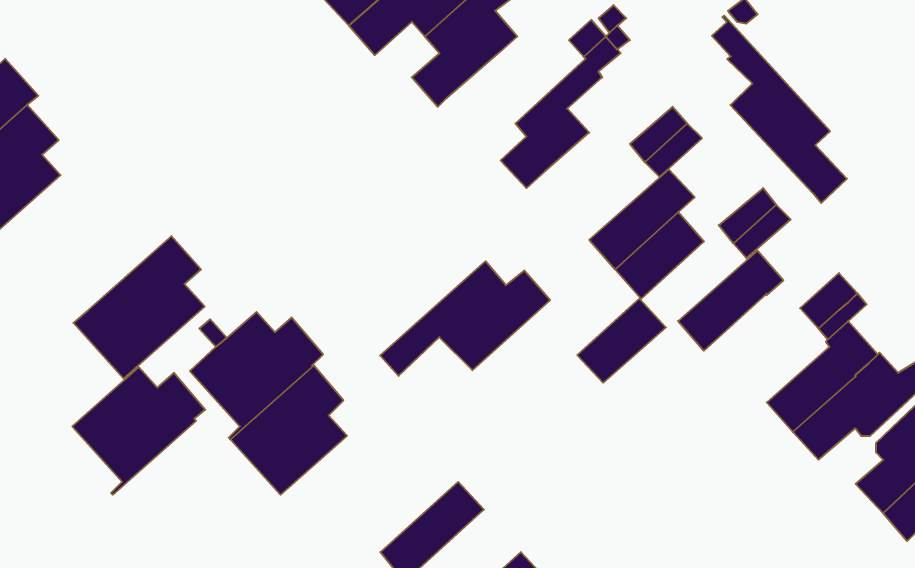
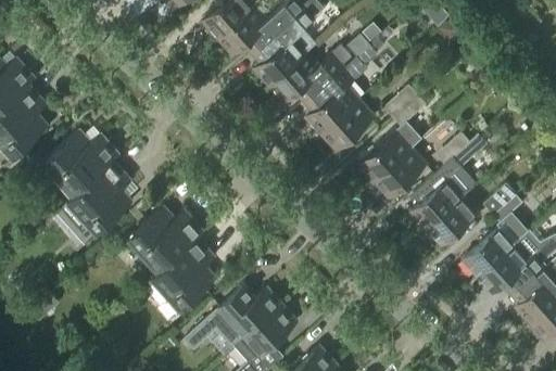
building: [712,16,847,203] -> none
building: none -> [270,48,352,104]
building: none -> [323,102,375,152]
building: [380,261,550,376] -> [182,284,282,351]
building: [577,298,666,383] -> [427,196,479,246]
building: [72,367,205,495] -> [41,131,119,206]

